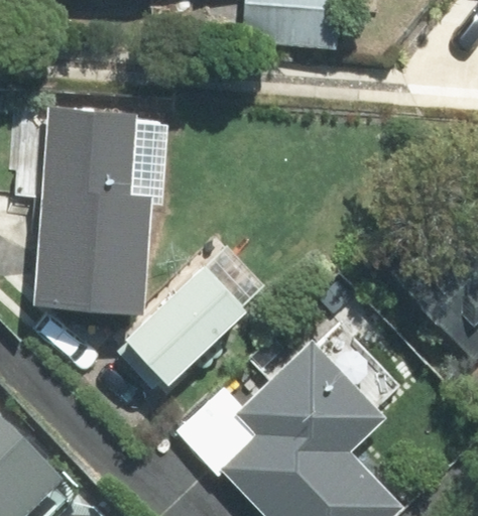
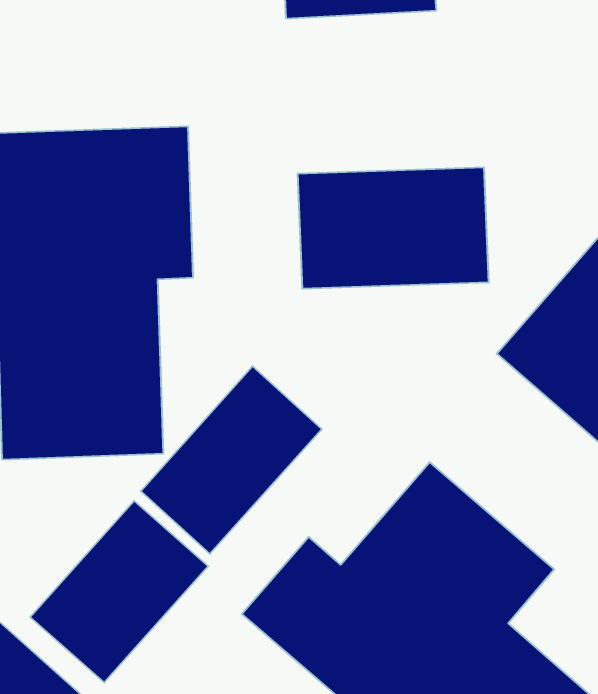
building: none -> [298,167,489,289]
building: none -> [30,501,208,683]

